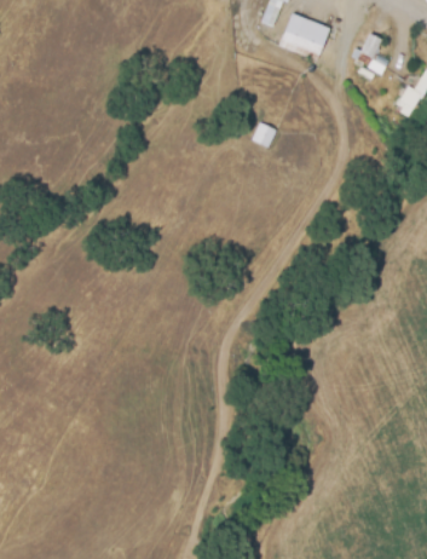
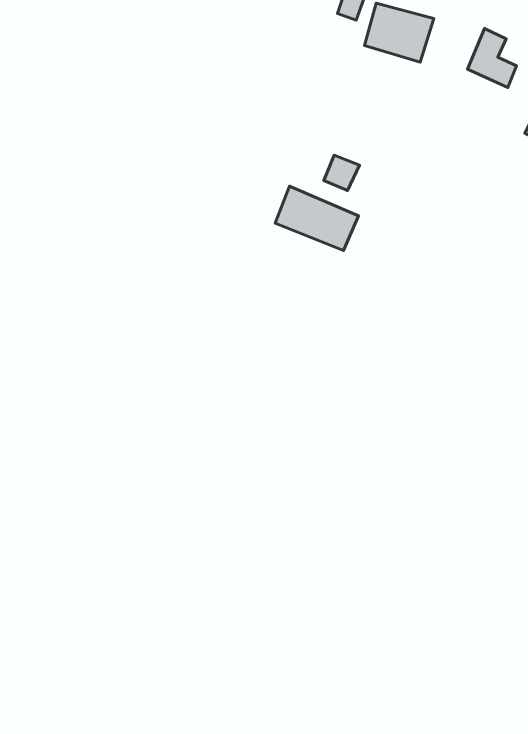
building: none -> [275,186,359,251]

